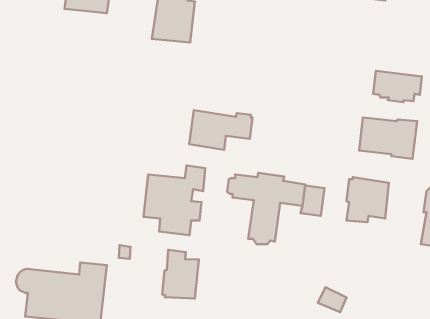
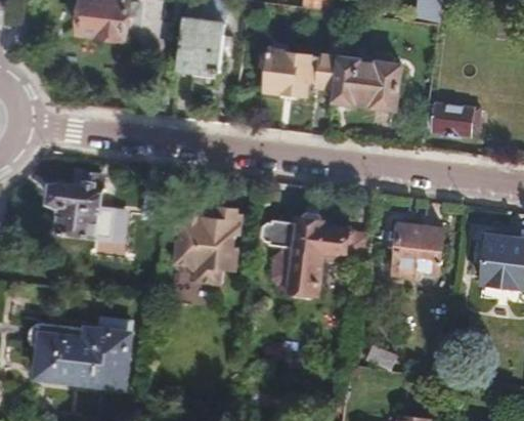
building: [189,110,253,150] -> [265,51,336,95]
building: [359,118,417,159] -> [336,60,400,107]
building: none -> [21,169,113,239]
building: [162,250,199,298] -> none

